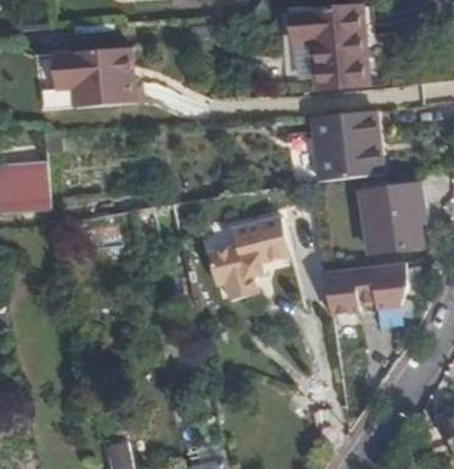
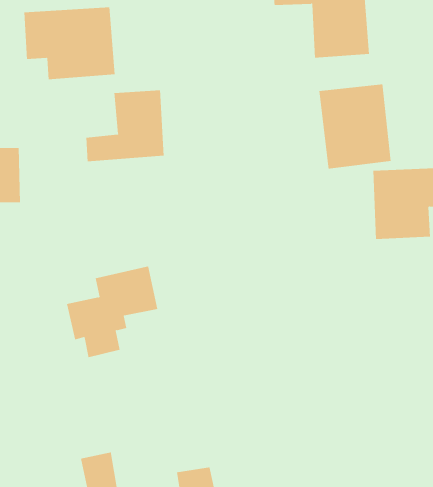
building: none -> [86,89,164,162]
building: [205,219,288,302] -> [66,266,158,358]
building: [320,262,407,310] -> none

